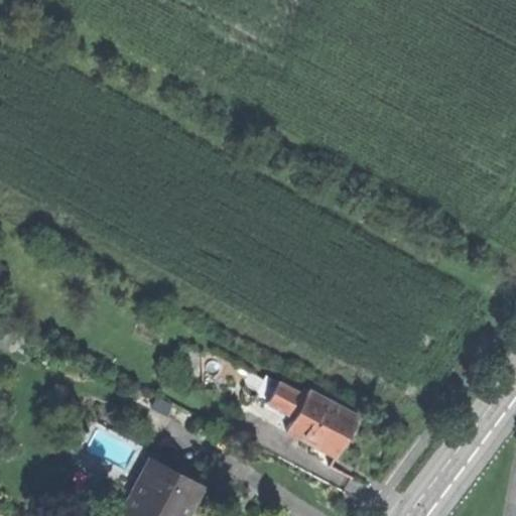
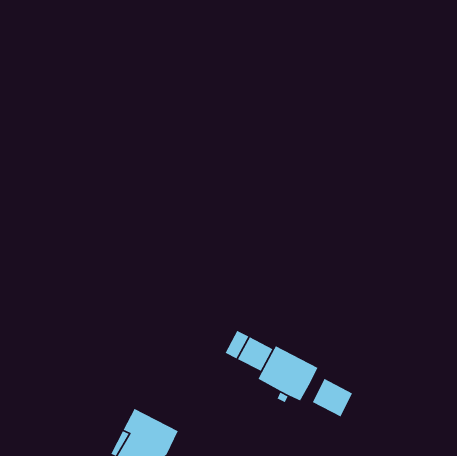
building: none -> [312,378,353,418]

